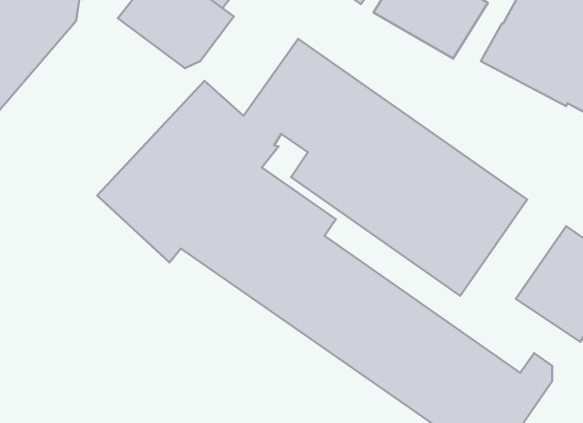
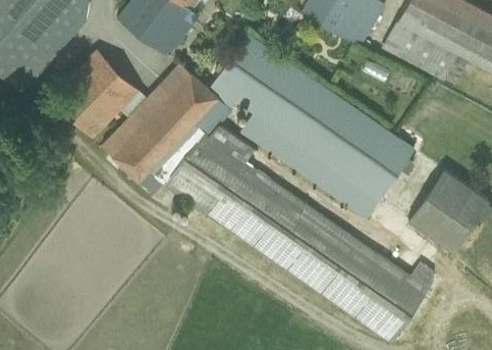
building: none -> [50,50,140,140]

